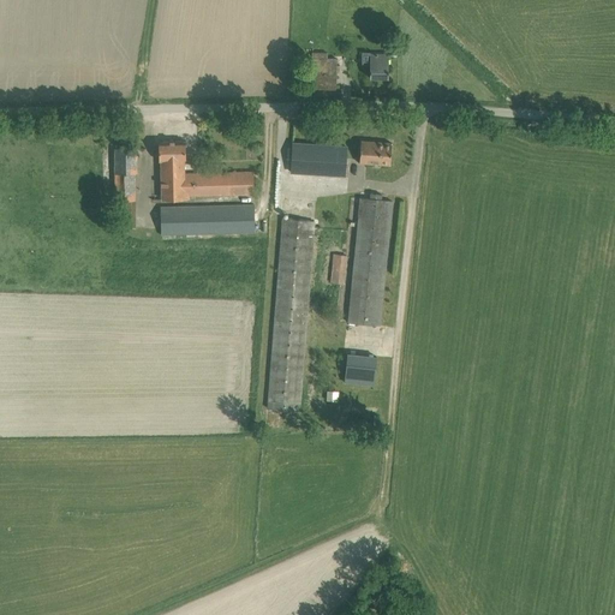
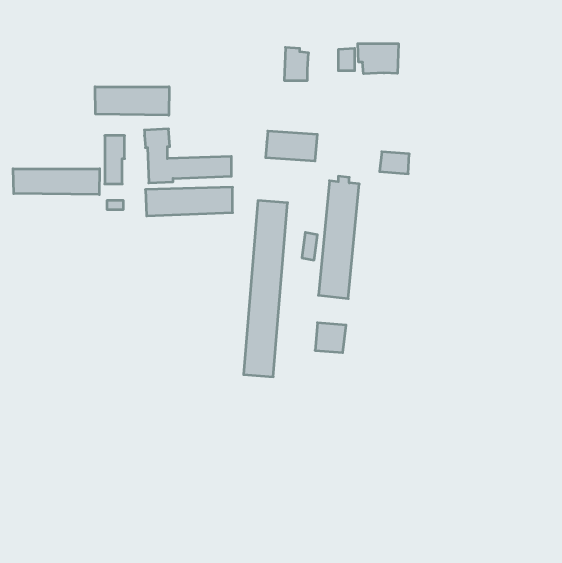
building: none -> [358,44,398,74]
building: none -> [95,87,169,115]
building: [358,141,390,165] -> [380,152,409,174]
building: none -> [13,169,100,195]

